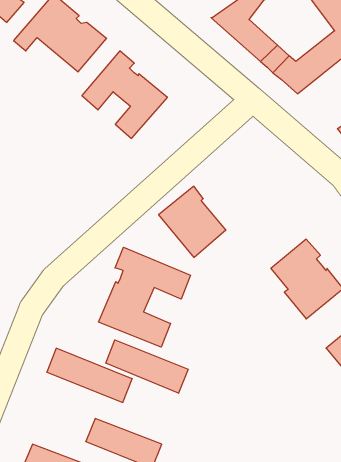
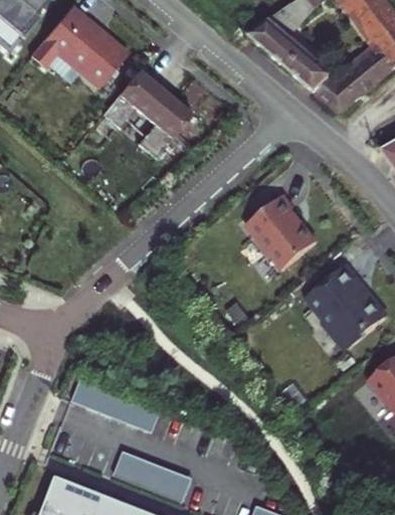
building: [159,186,226,257] -> [244,194,316,270]
building: [98,247,191,347] -> none
building: [106,340,188,393] -> none

